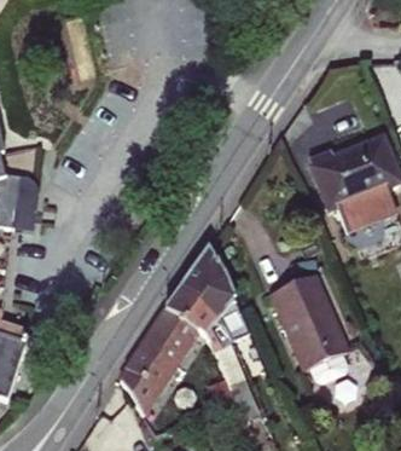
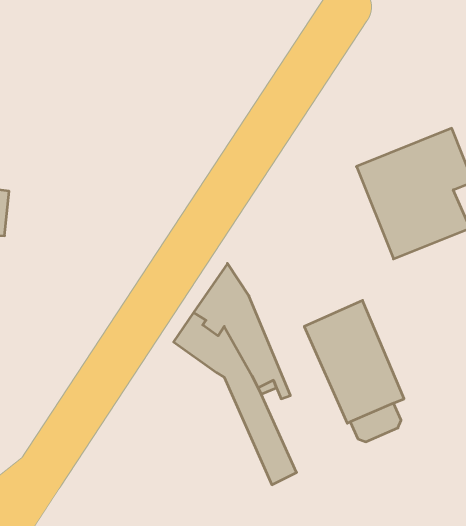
building: [121,305,200,415] -> none

